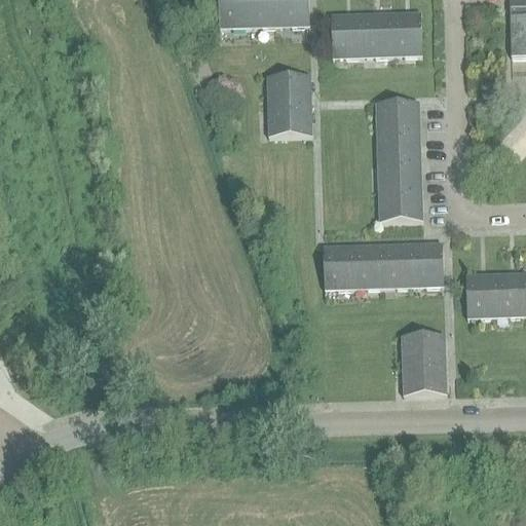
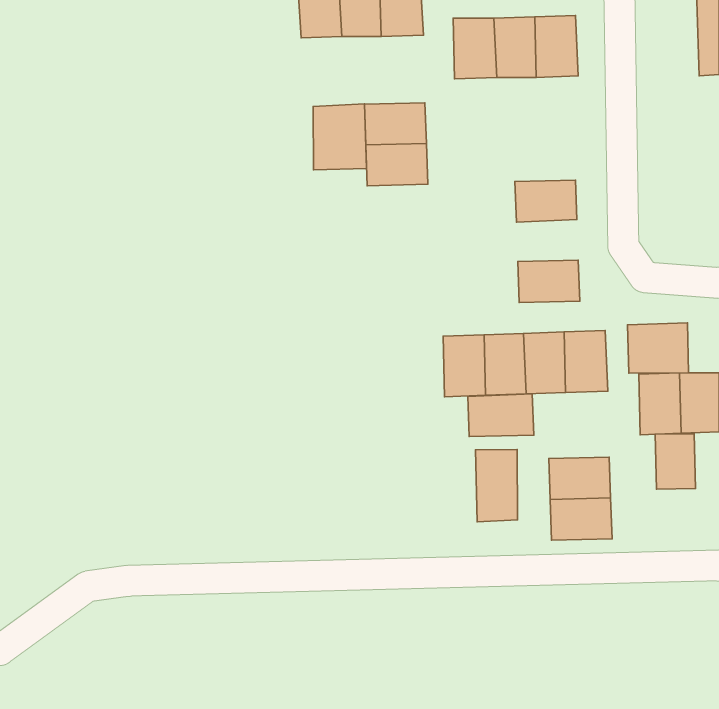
building: none -> [313,104,367,170]
building: [375,101,420,133] -> none
building: [377,160,422,191] -> none
building: none -> [628,323,689,373]
building: none -> [468,394,534,437]
building: none -> [655,434,696,489]
building: none -> [476,449,517,522]

